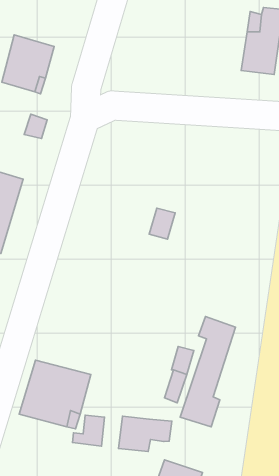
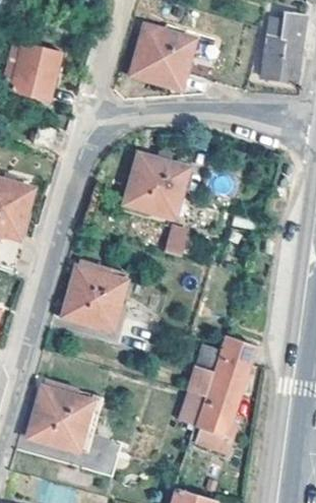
building: none -> [131,25,192,87]
building: none -> [125,154,186,218]
building: none -> [62,260,128,330]
building: [119,416,172,451] -> none

